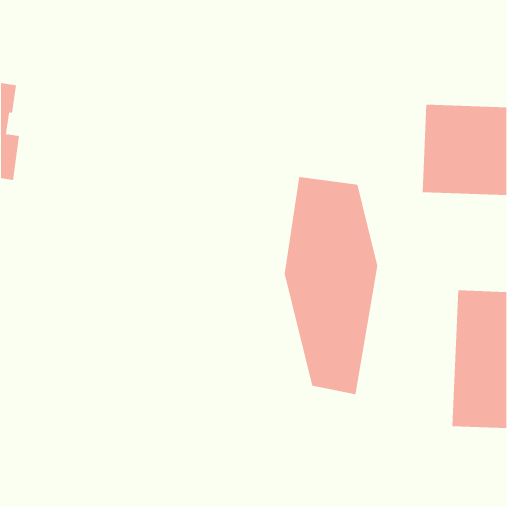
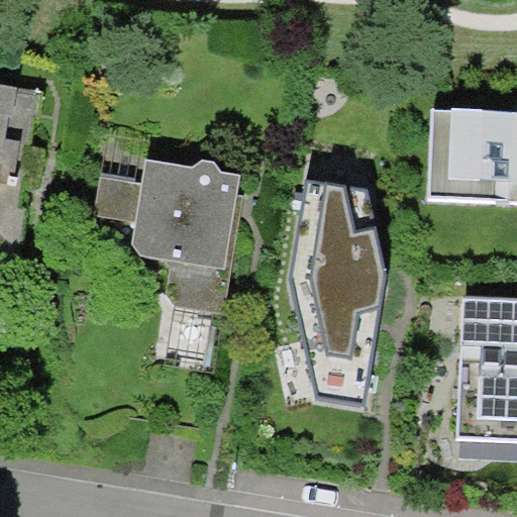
building: none -> [94,159,242,311]

